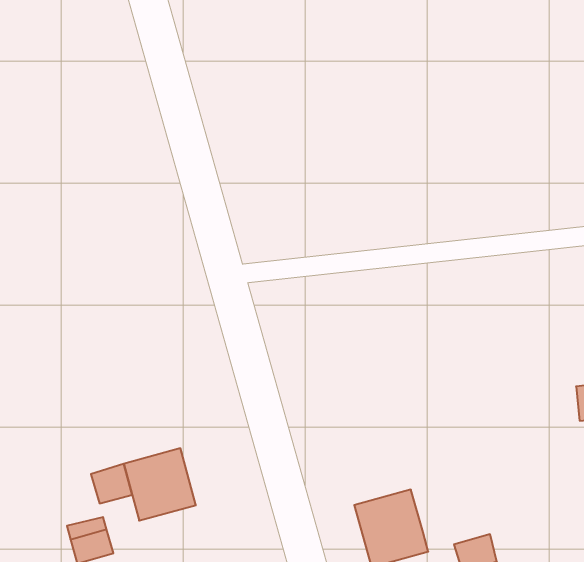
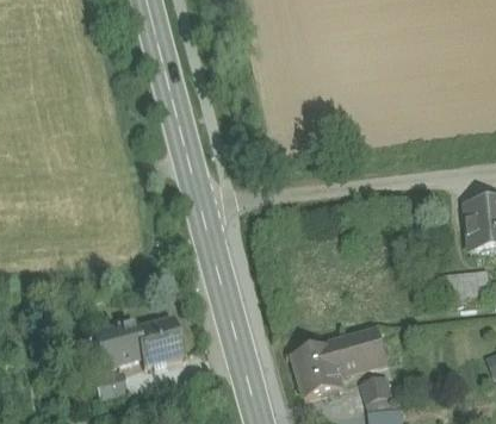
building: none -> [329,331,386,374]

